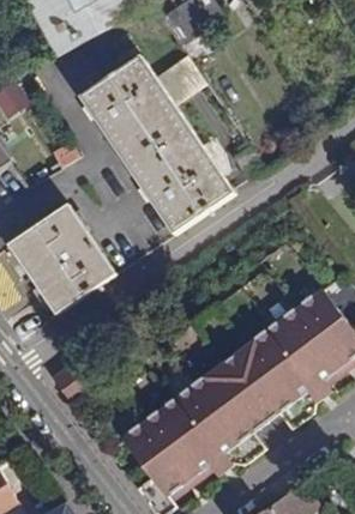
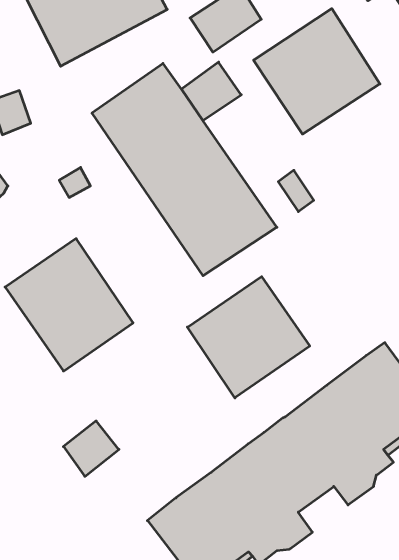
building: none -> [254,9,380,134]
building: none -> [187,277,310,398]

